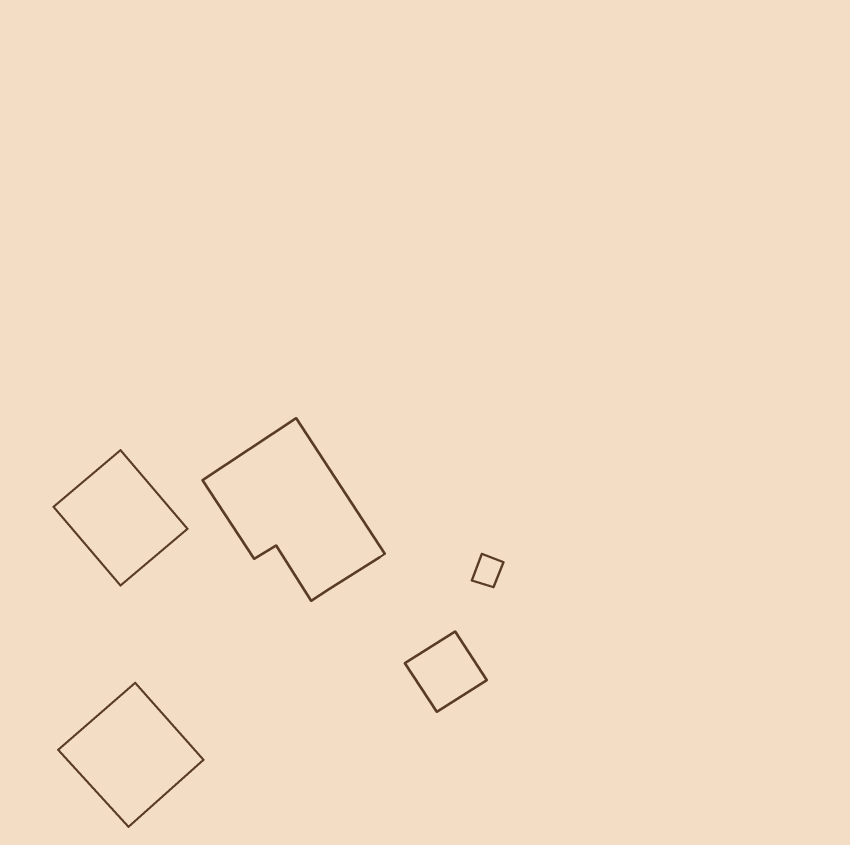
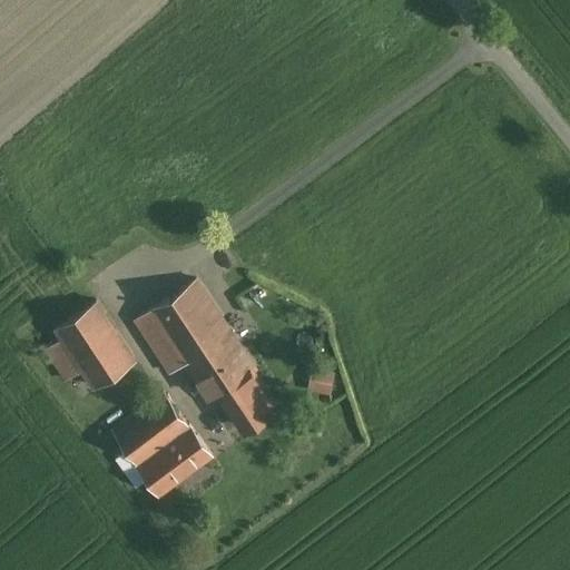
building: [405,632,487,712] -> [223,377,277,431]
building: [58,683,204,827] -> [114,402,210,498]

